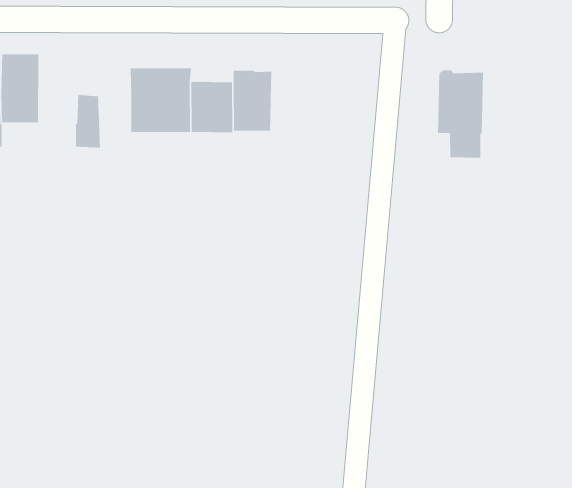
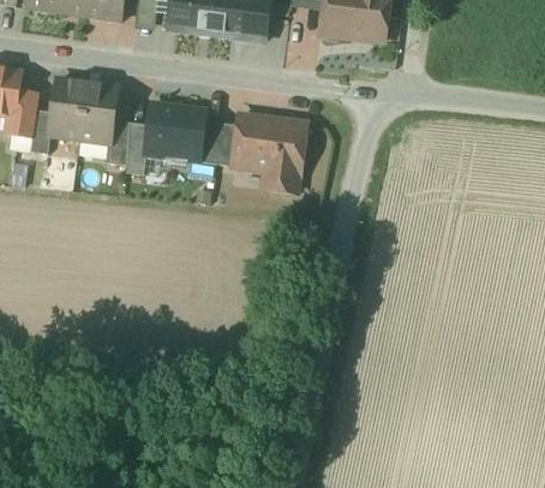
building: none -> [79,83,118,142]
building: [437,70,484,158] -> [263,118,306,192]
building: none -> [125,123,155,171]

